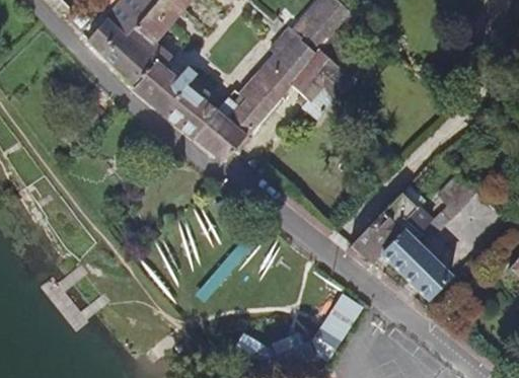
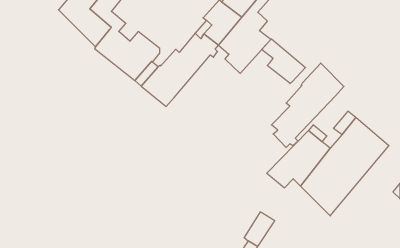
building: none -> [262,39,306,84]
building: none -> [271,63,344,148]

